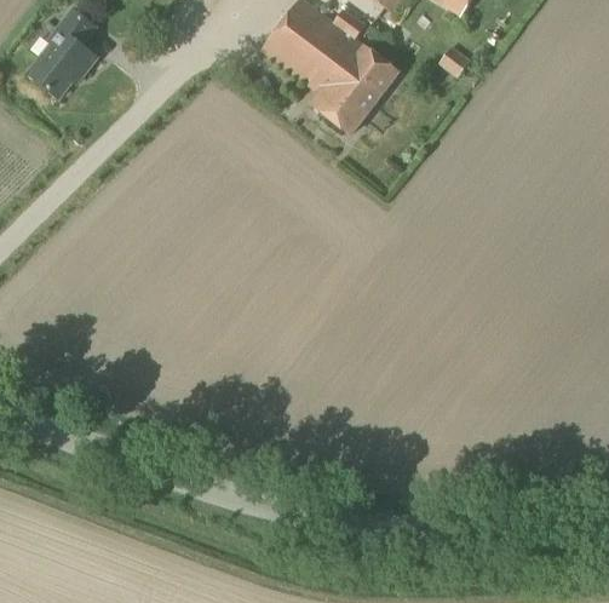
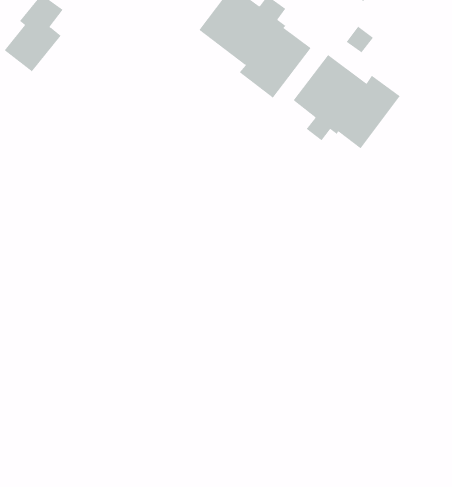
building: none -> [293,54,400,149]

